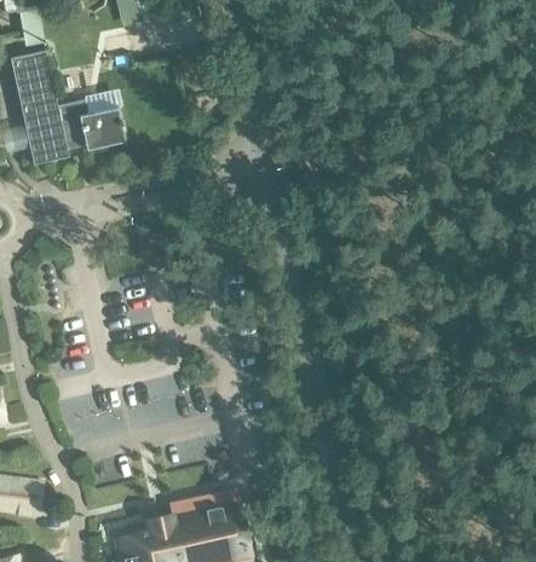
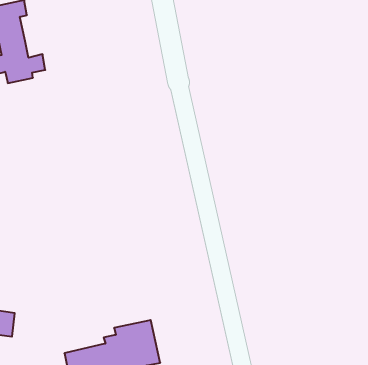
building: [57,99,123,149] -> none

